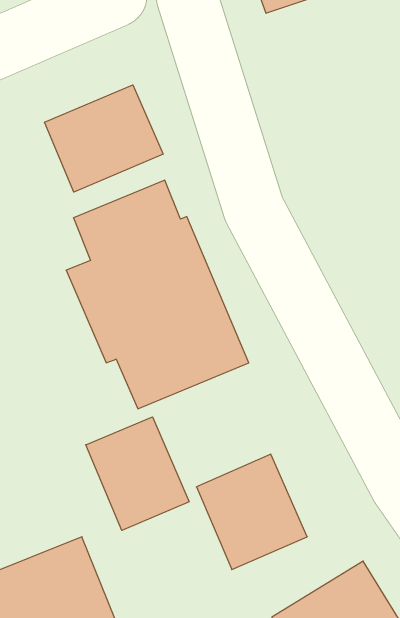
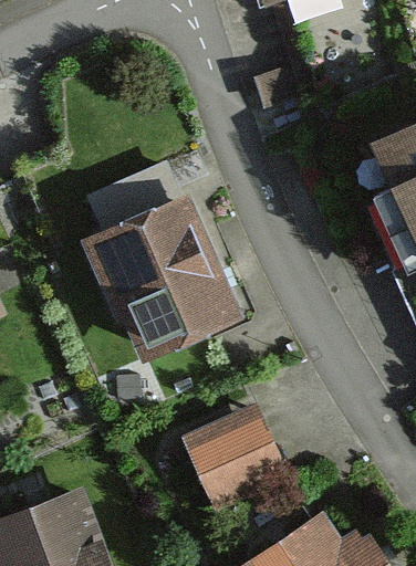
building: [45,85,163,192] -> none
building: [86,417,189,530] -> none

